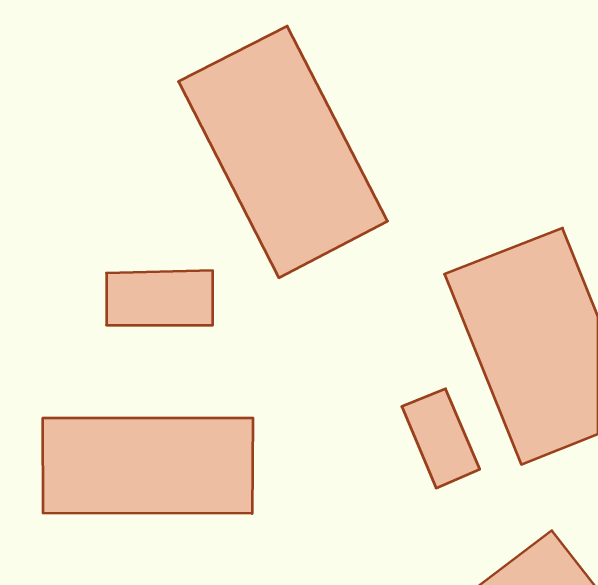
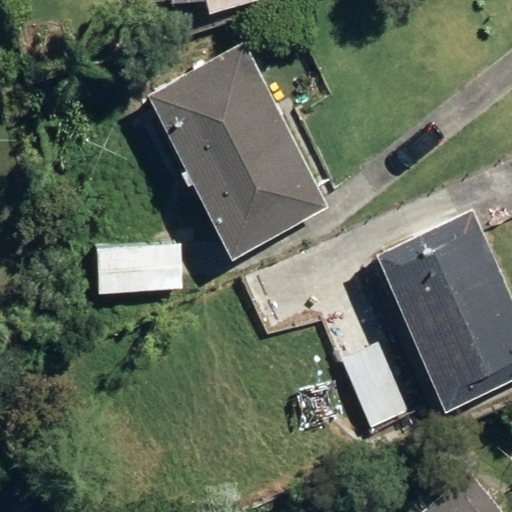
building: [43,418,253,514] -> none

